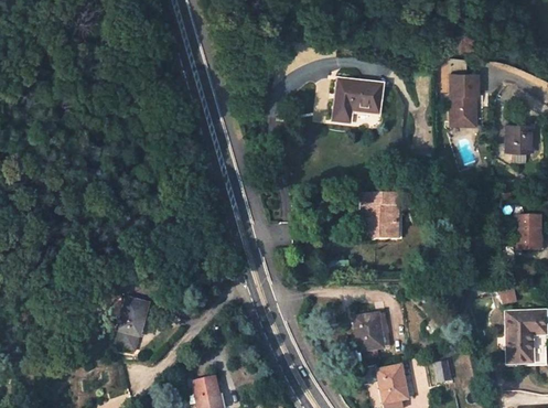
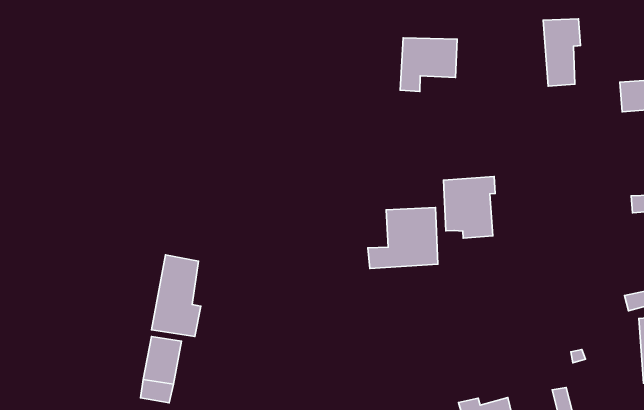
building: none -> [368,207,438,269]
building: none -> [152,255,201,336]
building: [343,313,383,365] -> none

